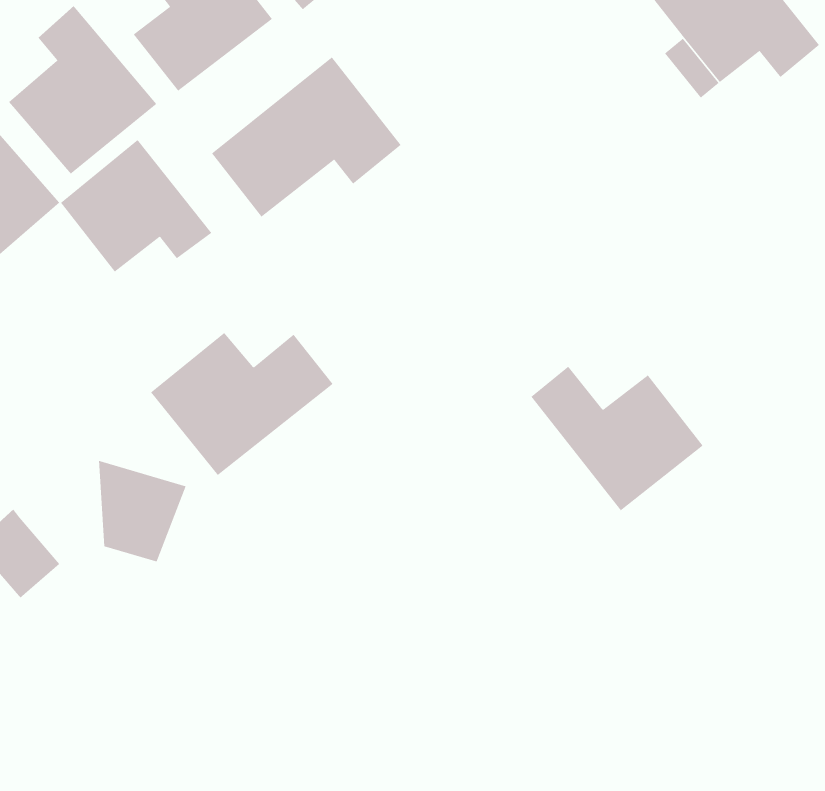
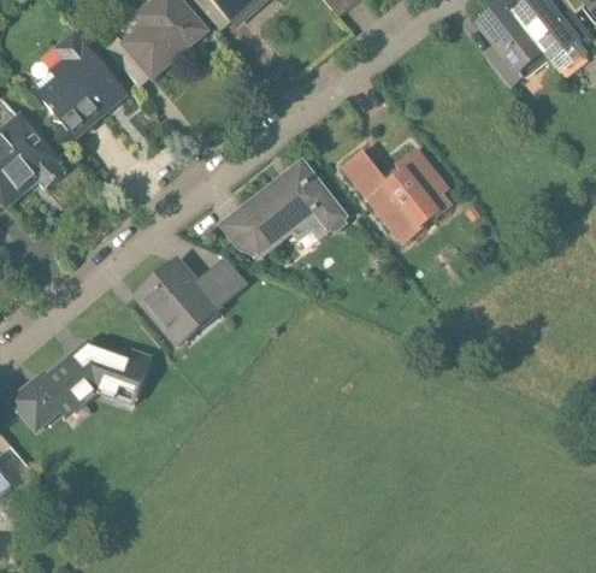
building: [211,57,401,218] -> [218,154,350,266]
building: [60,139,212,273] -> none
building: [531,366,704,511] -> [337,144,458,246]
building: none -> [35,339,93,424]

